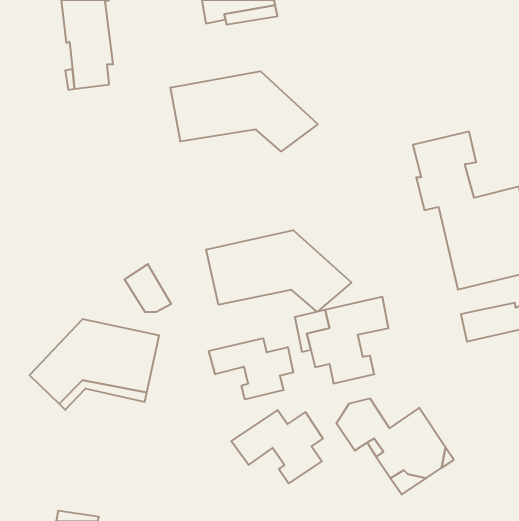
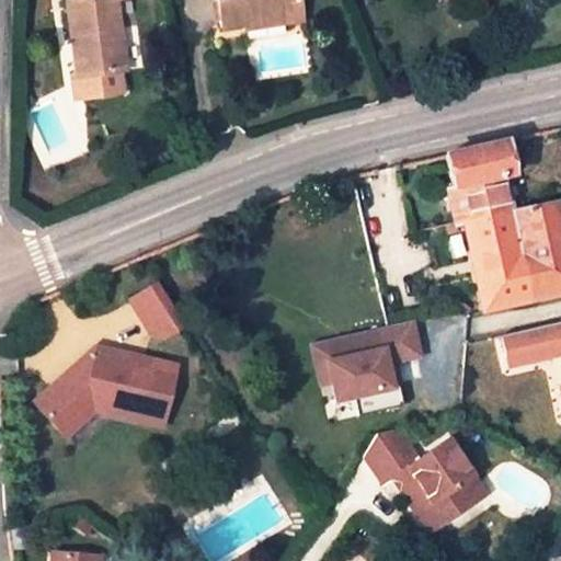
building: [171,71,318,151] -> none
building: [206,230,351,312] -> none
building: [209,338,293,399] -> none
building: [231,410,323,483] -> none

